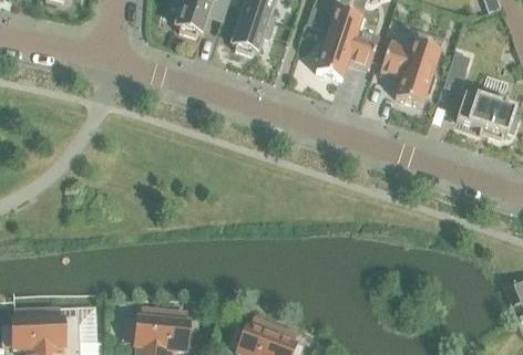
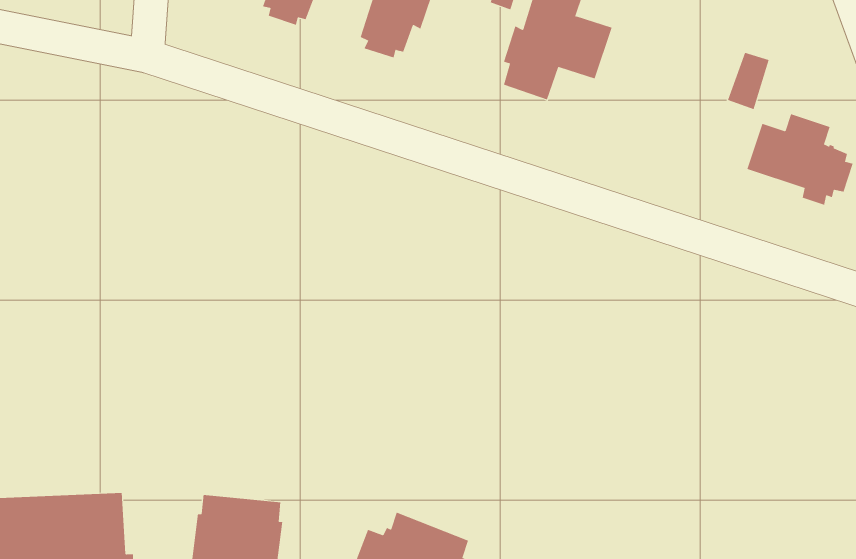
building: [379,39,439,104] -> none

